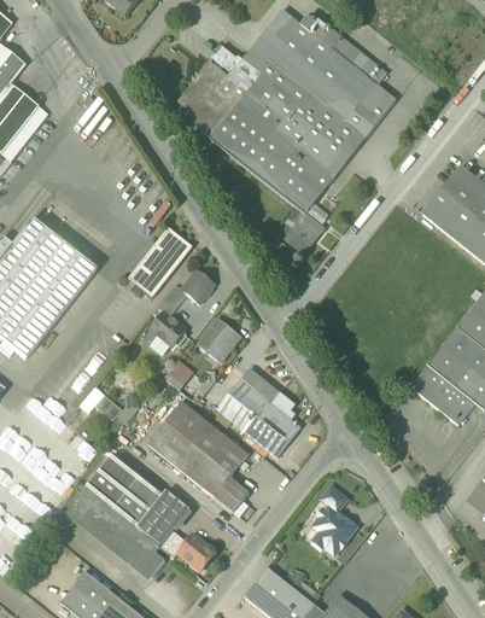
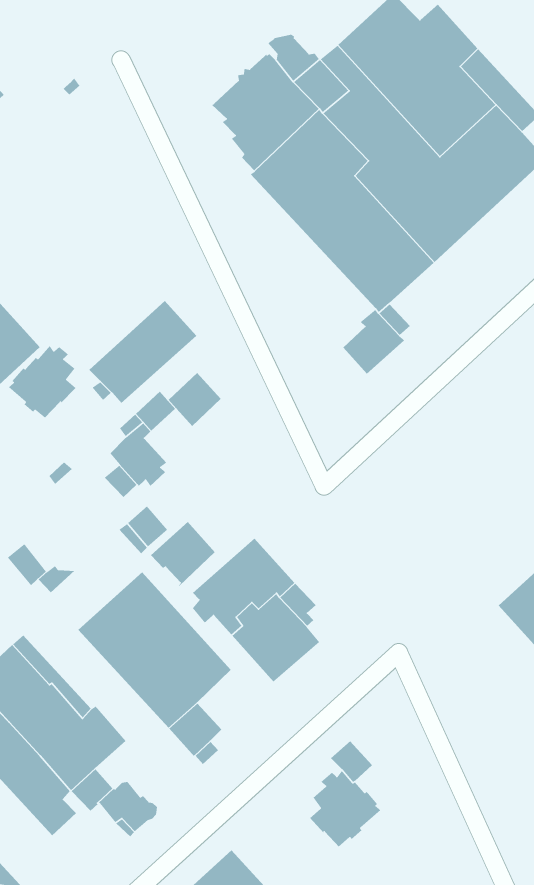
building: none -> [8,345,76,419]
building: [199,319,240,361] -> [150,521,215,587]

